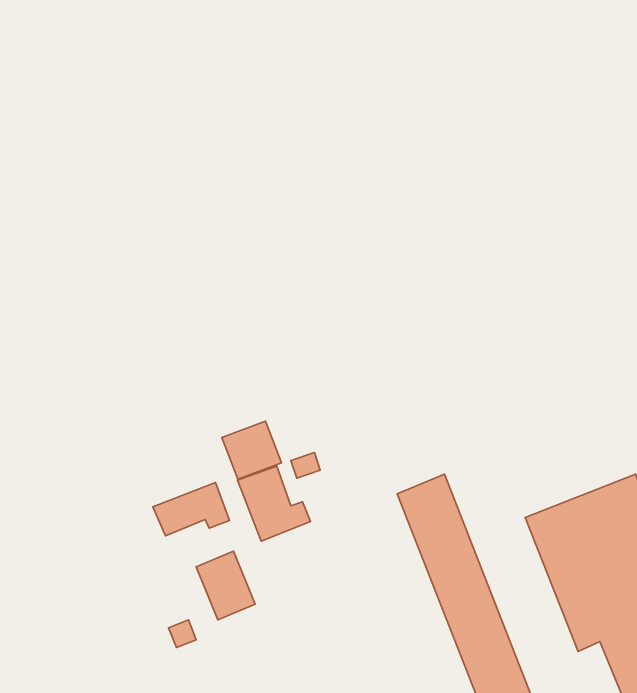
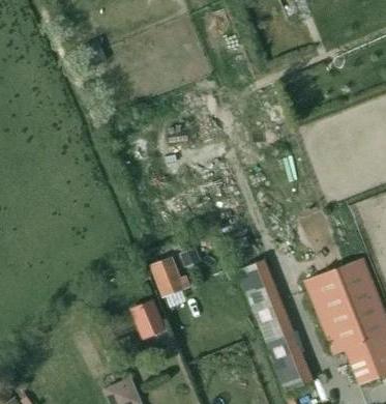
building: [222,421,281,479] -> none
building: [153,483,229,536] -> none

